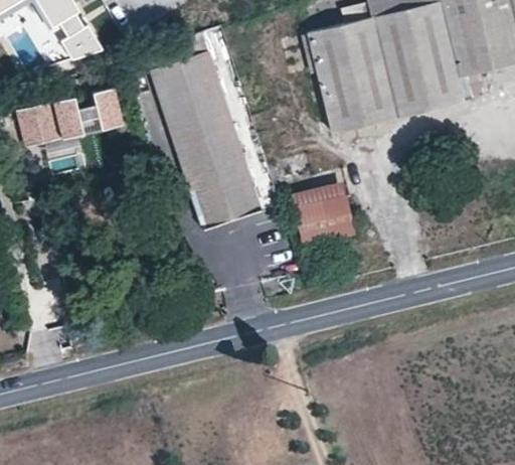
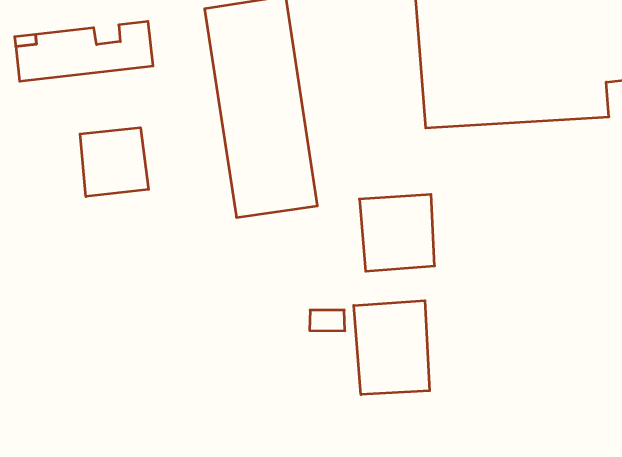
building: none -> [80,128,149,197]
building: none -> [354,301,430,395]

